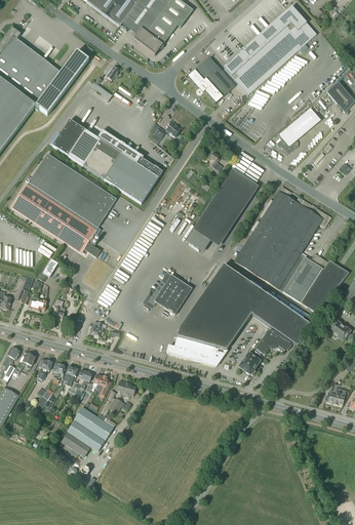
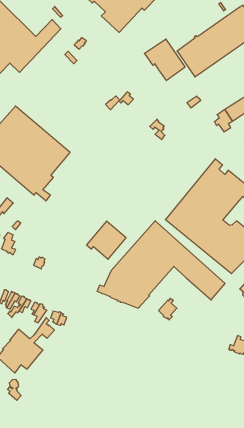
building: [52,119,162,203] -> none
building: [185,168,258,252] -> none
building: [254,328,291,355] -> none

